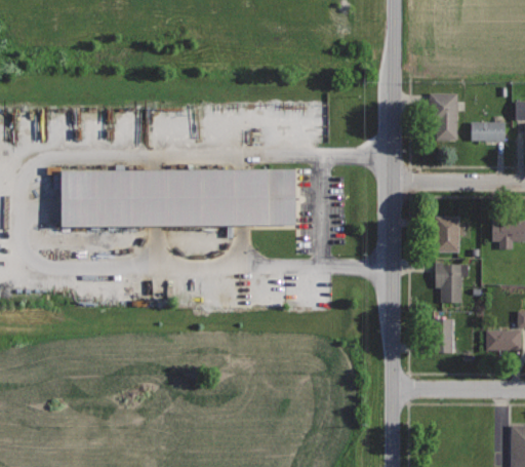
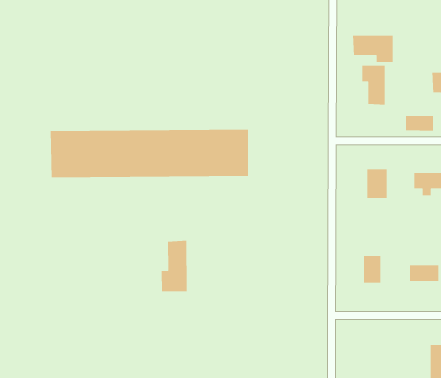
building: none -> [352,35,394,63]
building: [472,121,506,141] -> [405,115,434,132]
building: [436,262,469,303] -> none
building: none -> [161,240,188,292]

